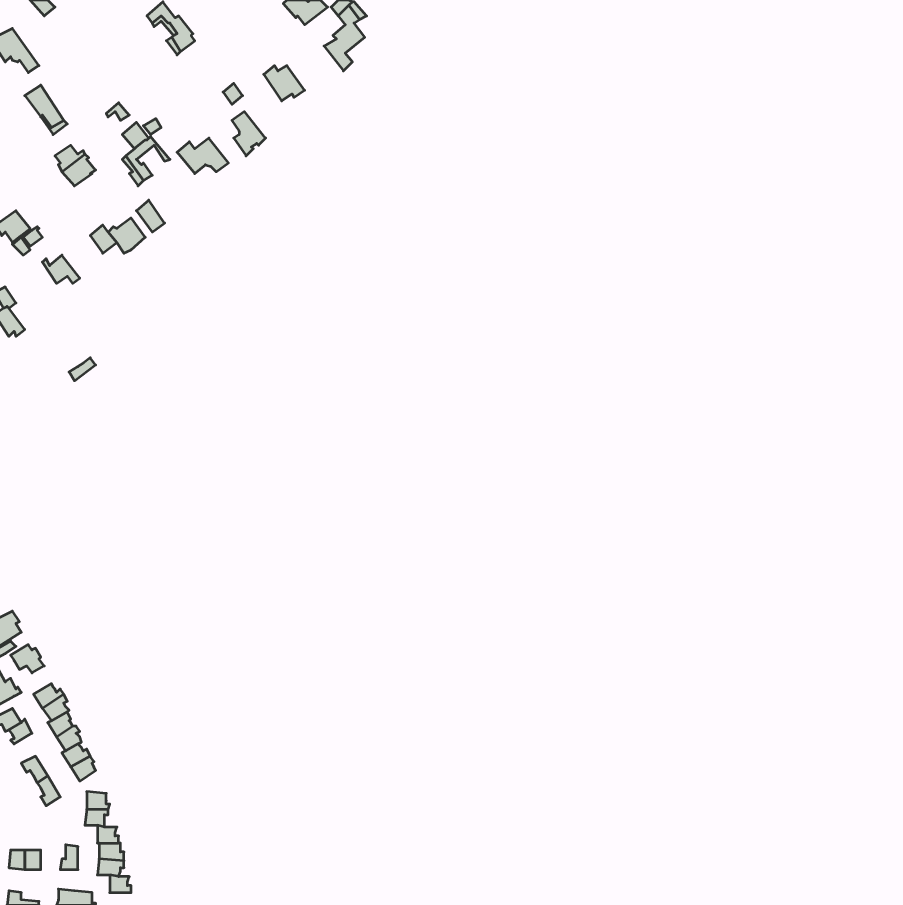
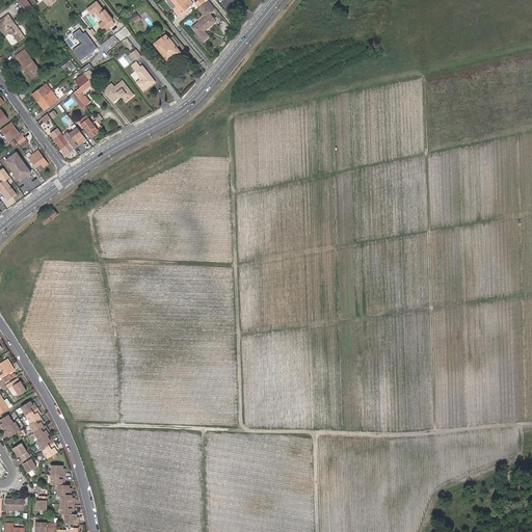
building: none -> [70,27,96,61]
building: none -> [4,153,31,182]

